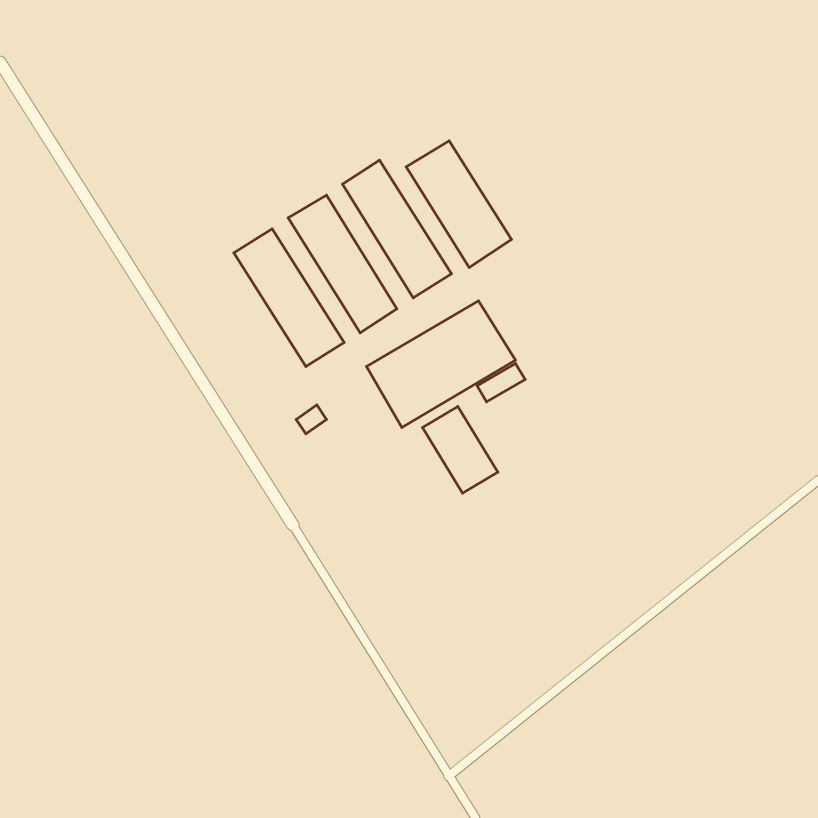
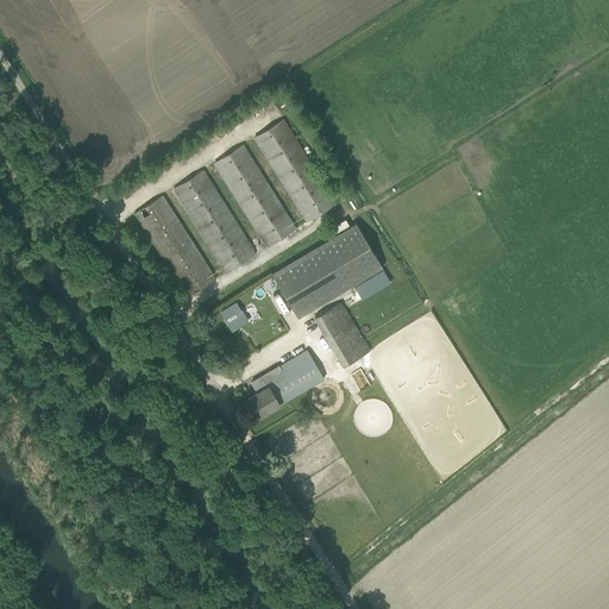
building: [406,141,511,267] -> none
building: none -> [134,195,215,297]
building: none -> [249,350,324,416]

